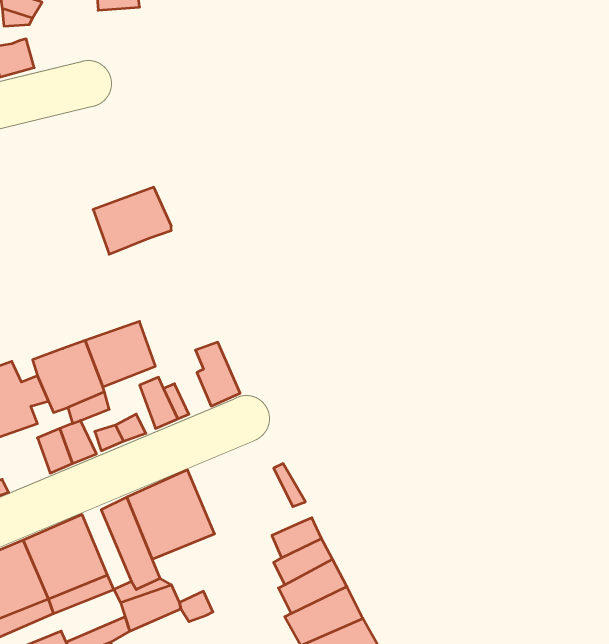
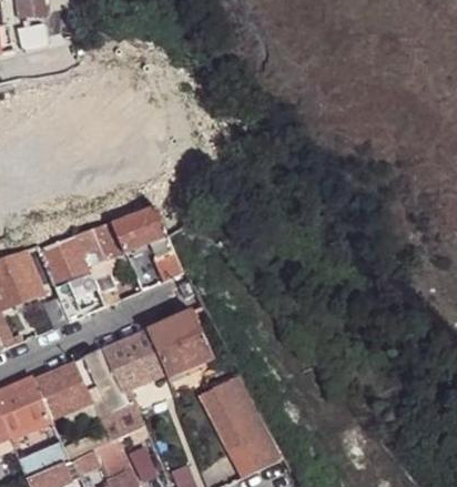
building: [93,187,171,254] -> [113,210,167,256]
building: none -> [146,308,213,377]

